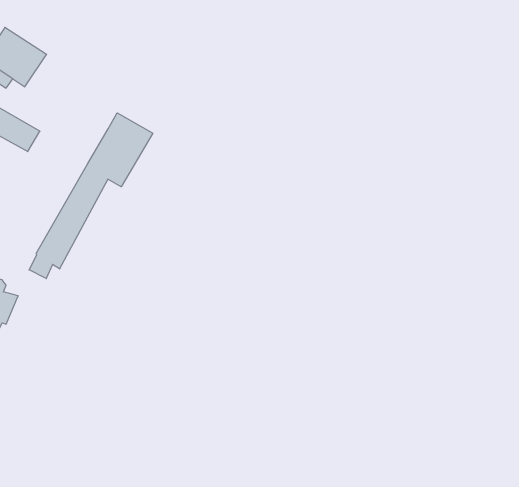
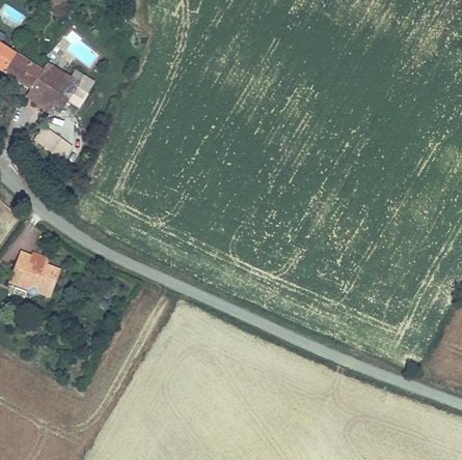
building: [29,113,153,279] -> none

